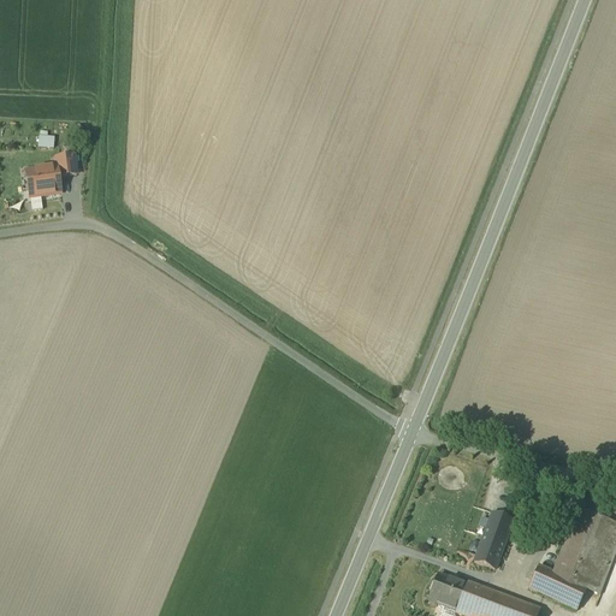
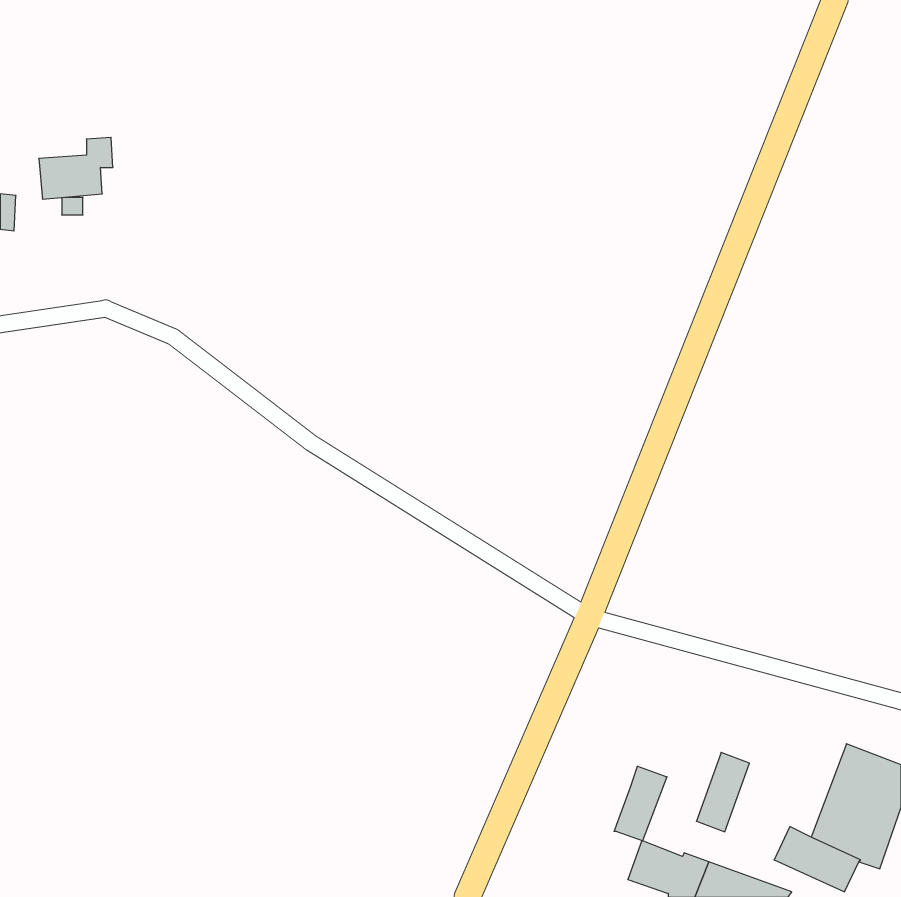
building: [25,154,76,196] -> [39,137,113,199]
building: none -> [614,766,667,841]

